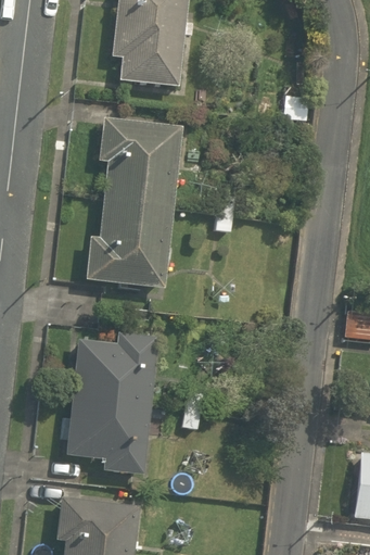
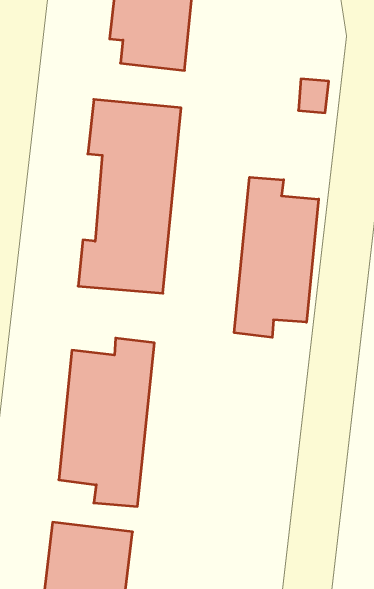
building: none -> [234,177,319,337]

